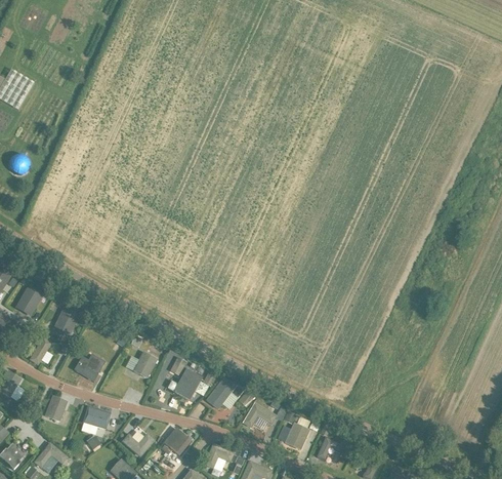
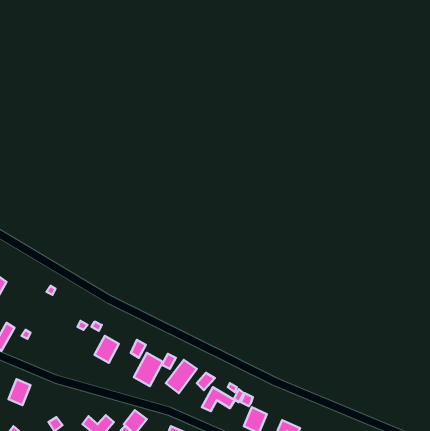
building: [52,308,79,337] -> none
building: [74,353,104,381] -> none
building: [84,406,110,429] -> none

